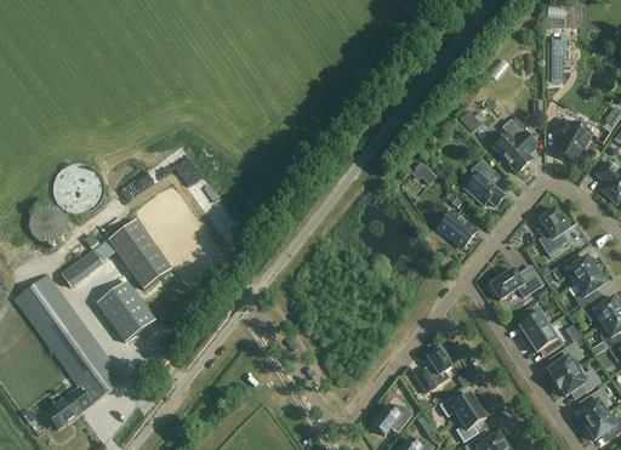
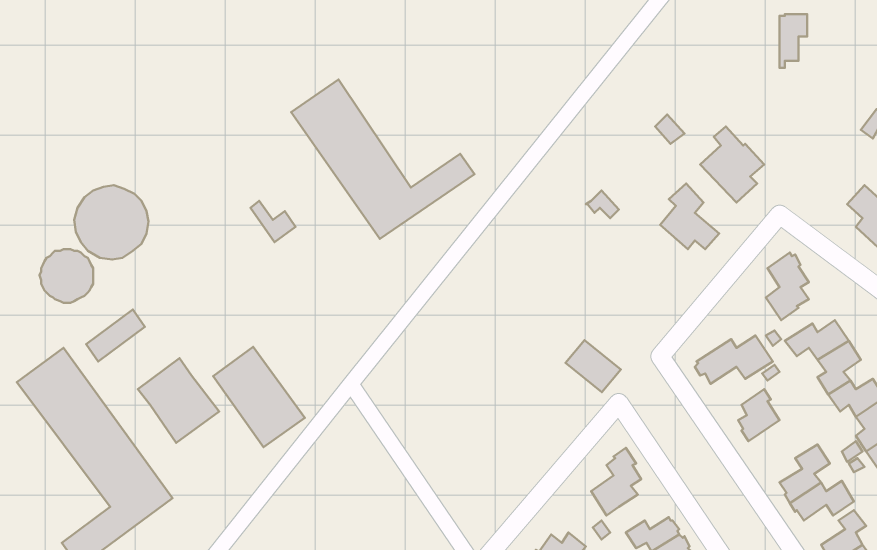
building: none -> [291,80,475,239]
building: [554,116,593,163] -> none
building: [438,210,477,246] -> [566,340,621,392]
building: [108,218,172,289] -> [213,347,305,447]
building: [526,325,564,354] -> none

